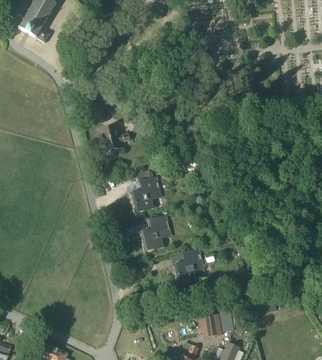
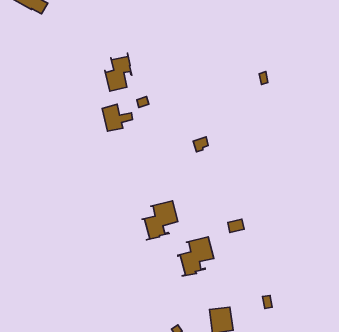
building: none -> [105,53,132,91]
building: [127,172,160,213] -> none

